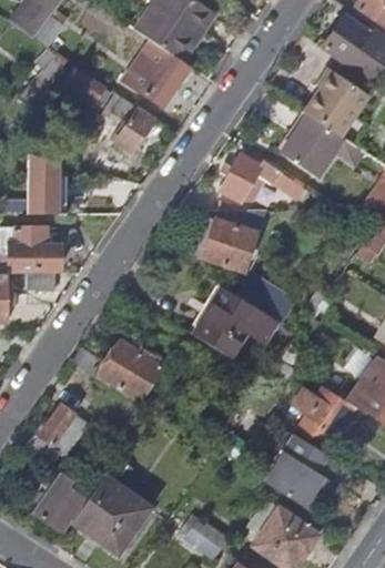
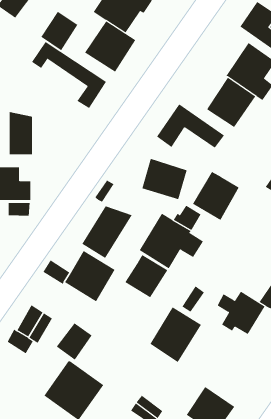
building: none -> [41,11,78,51]
building: none -> [192,171,240,221]
building: none -> [81,205,133,259]
building: none -> [124,254,168,298]
building: [266,435,333,507] -> [150,307,202,363]
building: [37,480,83,529] -> [56,322,92,360]

